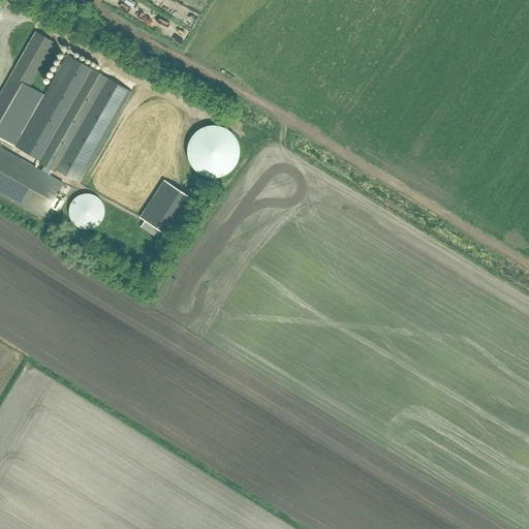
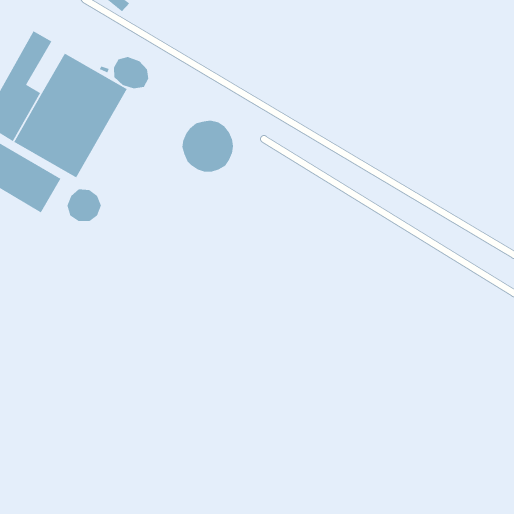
building: none -> [113,56,149,89]
building: [139,180,191,235] -> none

